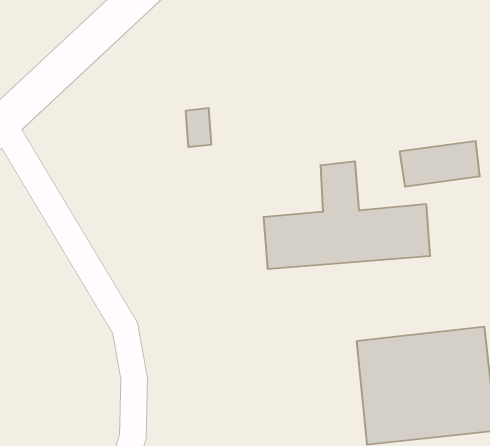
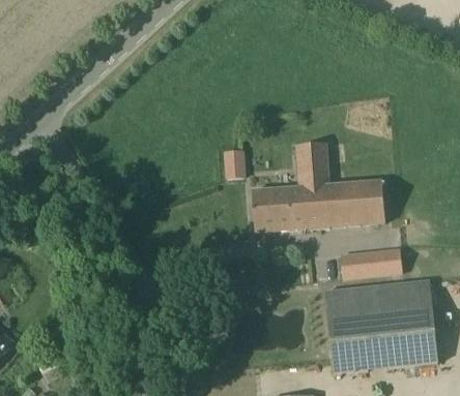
building: [186,108,211,147] -> [223,148,243,179]
building: [400,141,480,186] -> [338,245,402,281]

